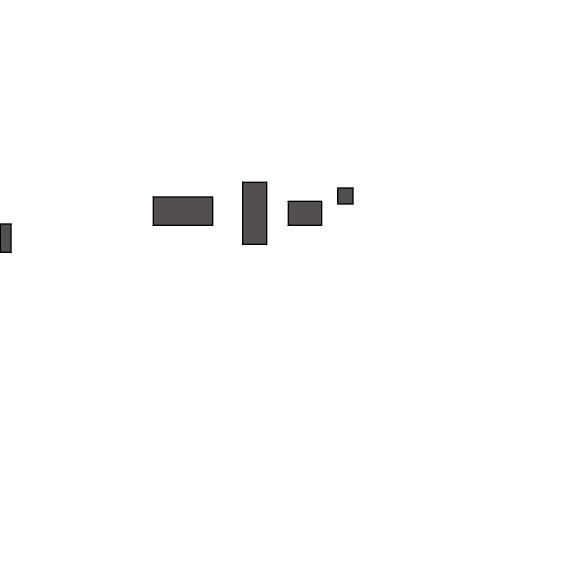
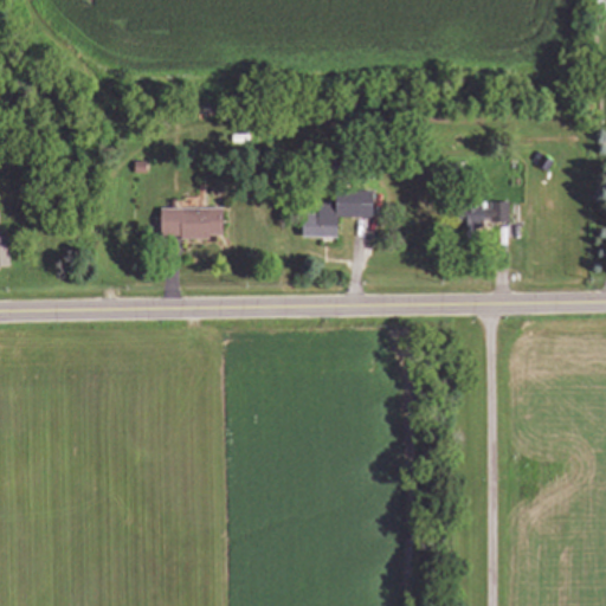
building: [243,182,267,245] -> none
building: none -> [458,200,510,237]

